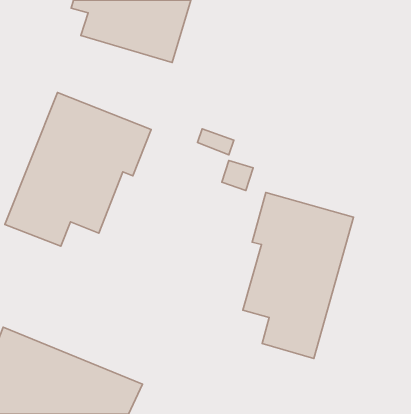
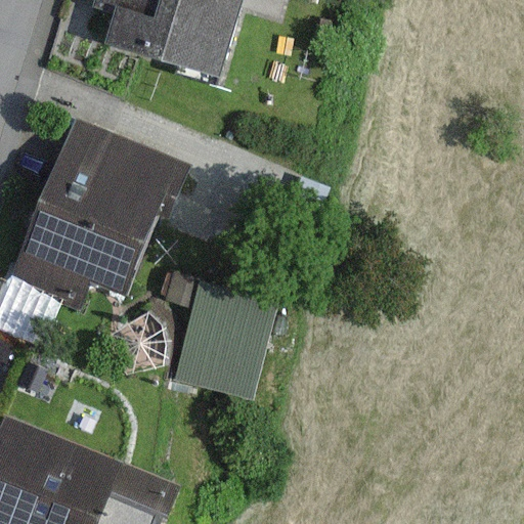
building: [243,192,353,359] -> none
building: none -> [164,272,276,390]

